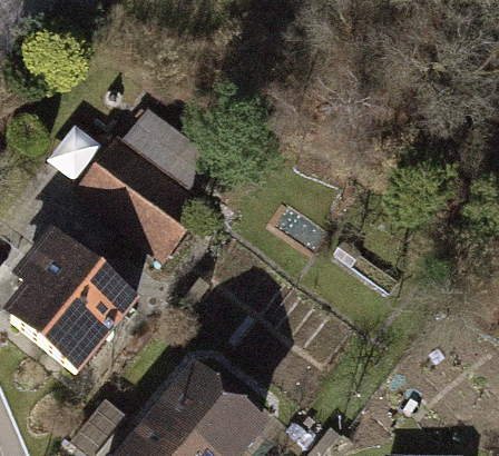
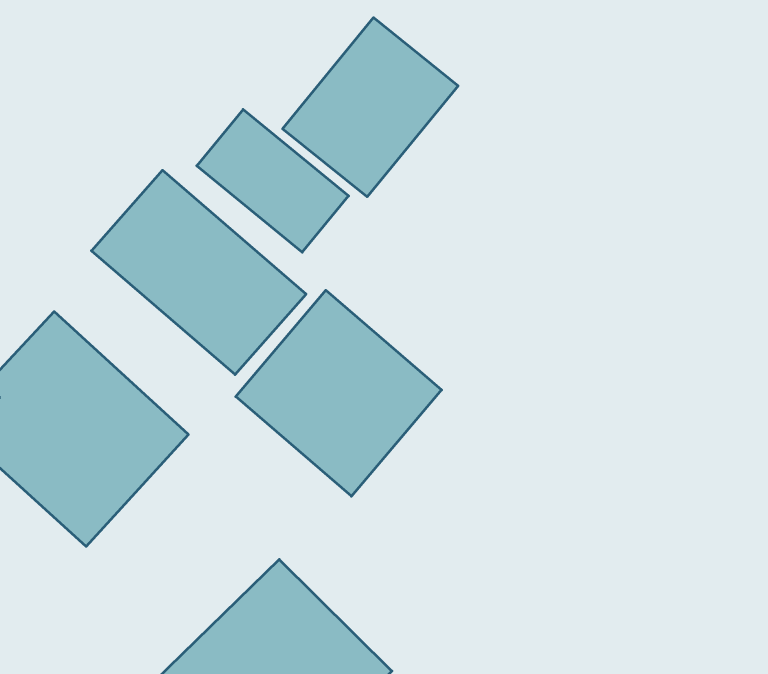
building: none -> [283,18,458,197]
building: none -> [236,290,442,496]

